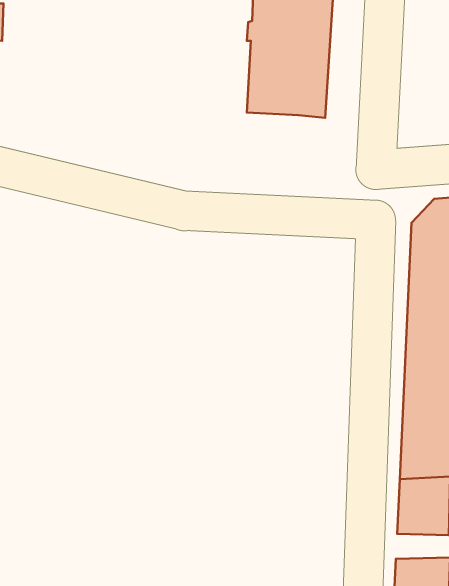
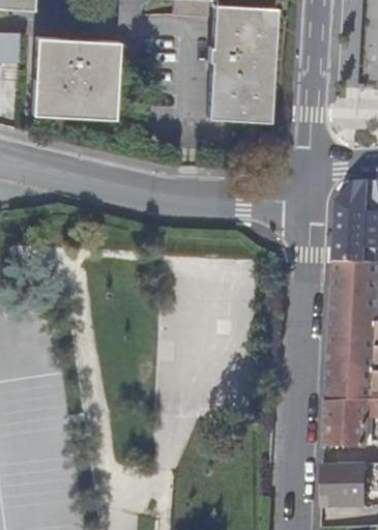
building: none -> [31,36,118,117]

